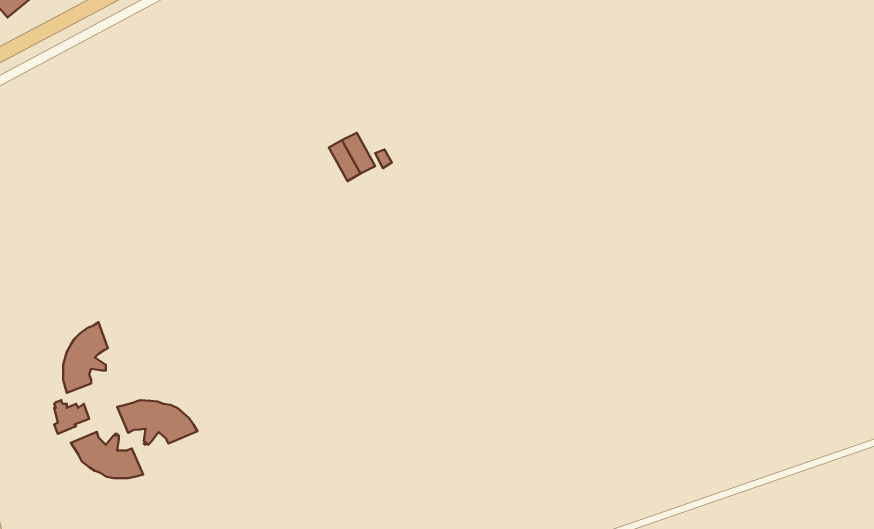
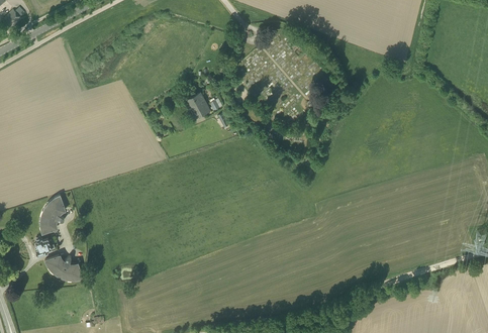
building: [117,400,198,445] -> none

